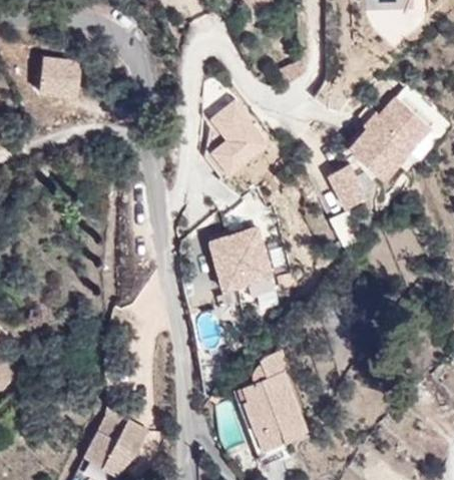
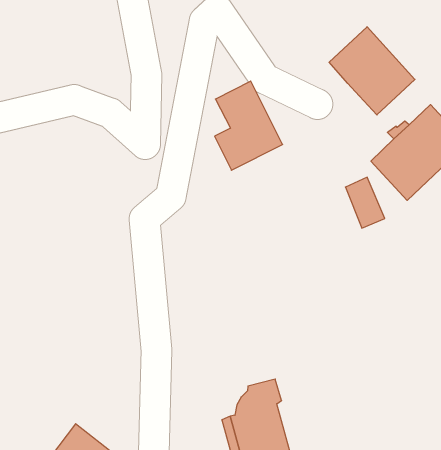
building: none -> [329,27,415,115]
building: [40,60,82,99] -> none
building: [205,221,279,301] -> none

